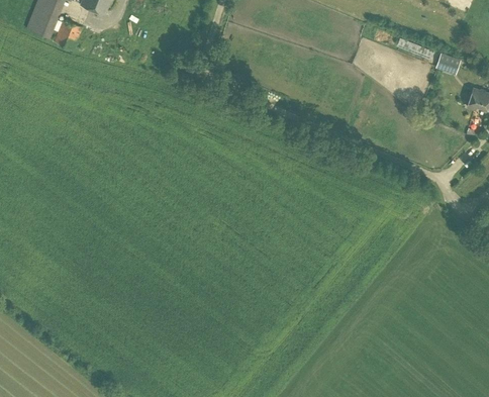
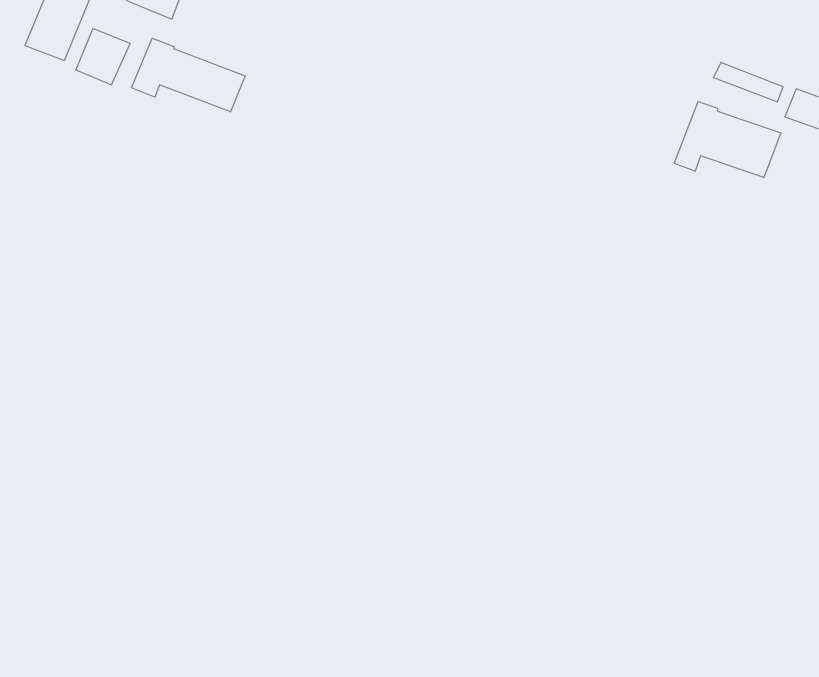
building: none -> [132,38,245,112]
building: none -> [674,102,781,178]

